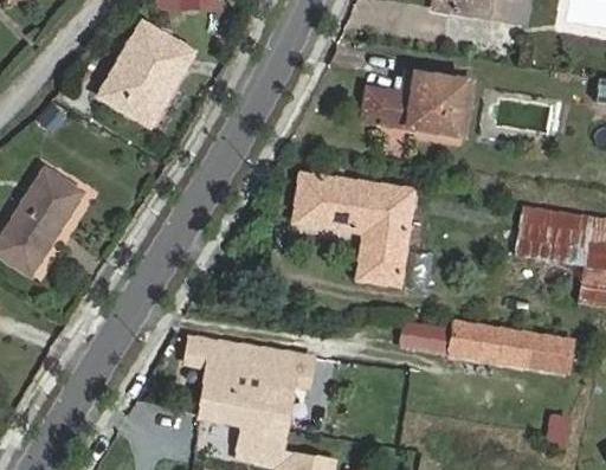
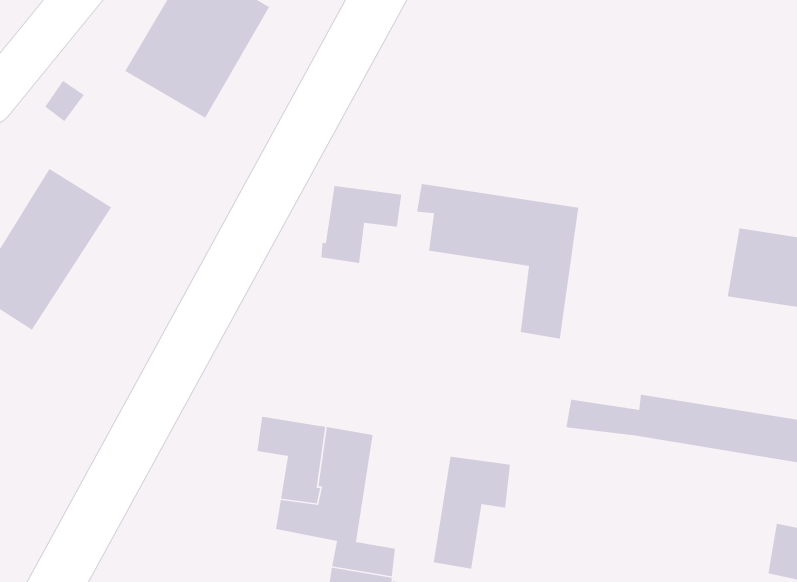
building: [362,72,472,136] -> none
building: none -> [321,185,402,264]
building: [257,350,311,430] -> [433,456,511,570]

